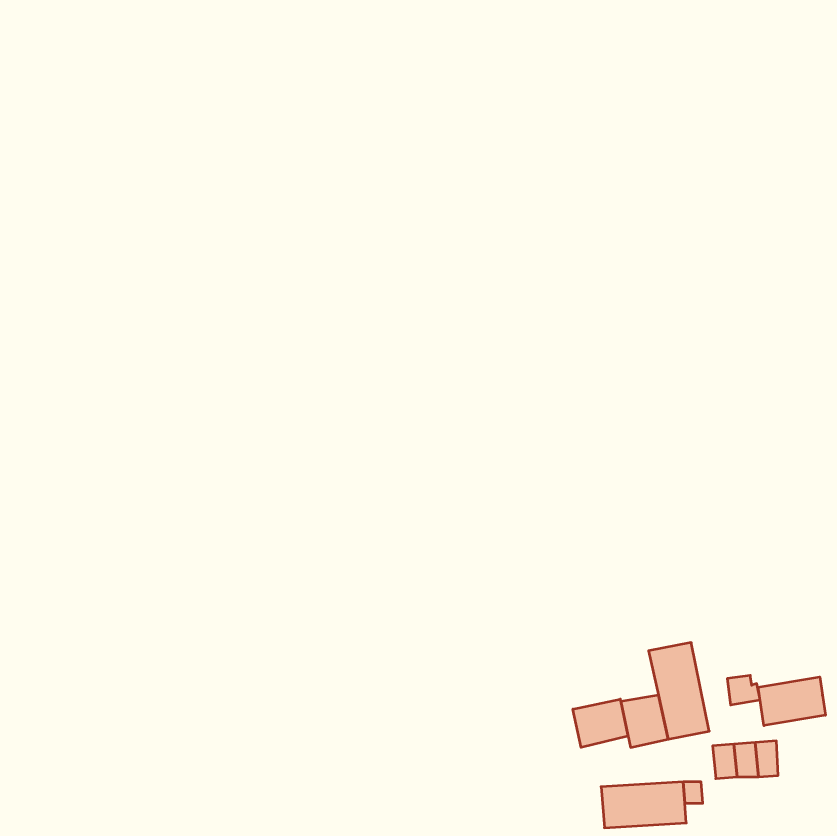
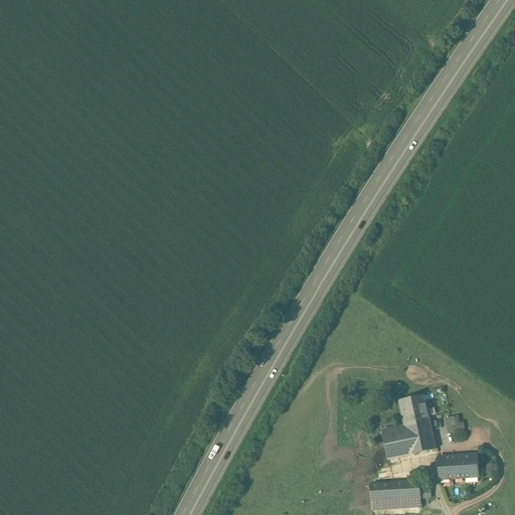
building: [758,677,825,726] -> none
building: [573,699,628,747] -> none

